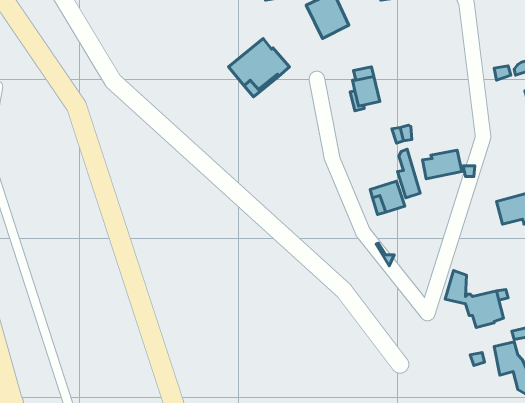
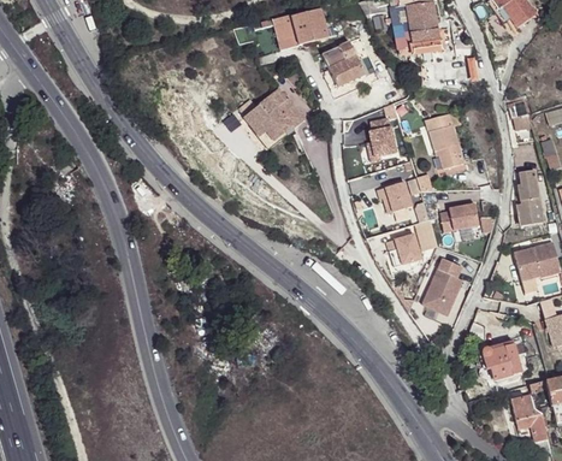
building: none -> [422,111,463,171]
building: none -> [513,172,539,229]
building: none -> [378,179,413,211]
building: none -> [424,255,465,313]

